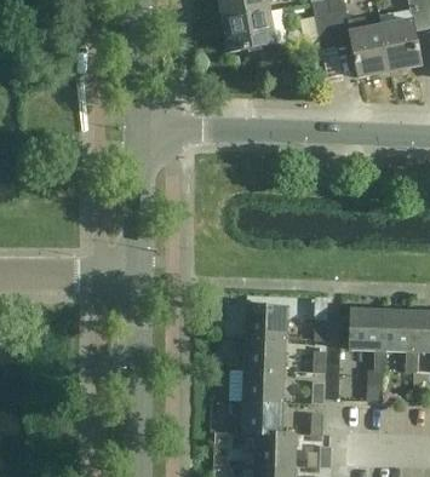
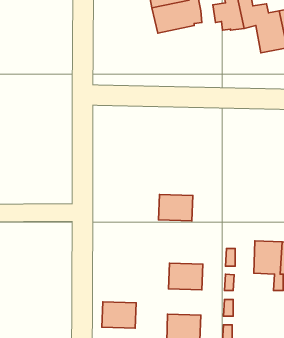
building: [246,304,288,337] -> [159,194,193,221]
building: [243,367,286,400] -> [102,302,136,328]

